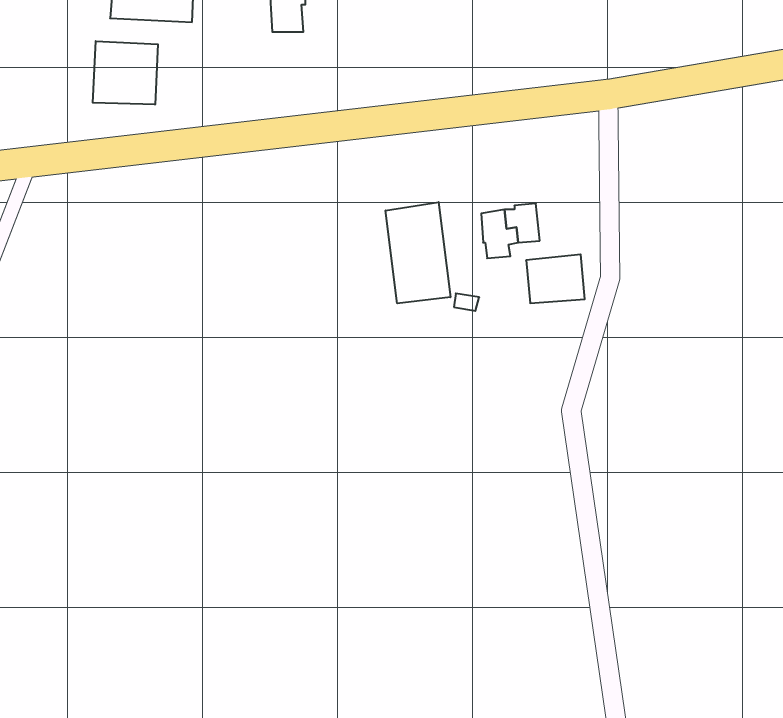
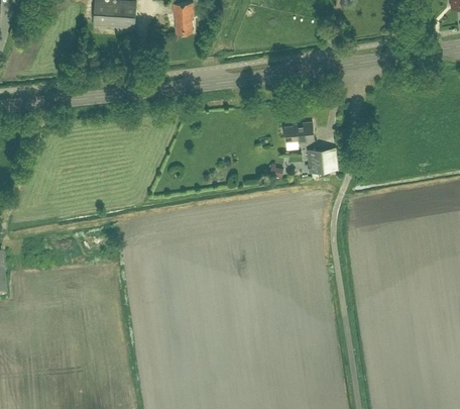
building: [93,41,158,105] -> none
building: [386,202,450,303] -> none

